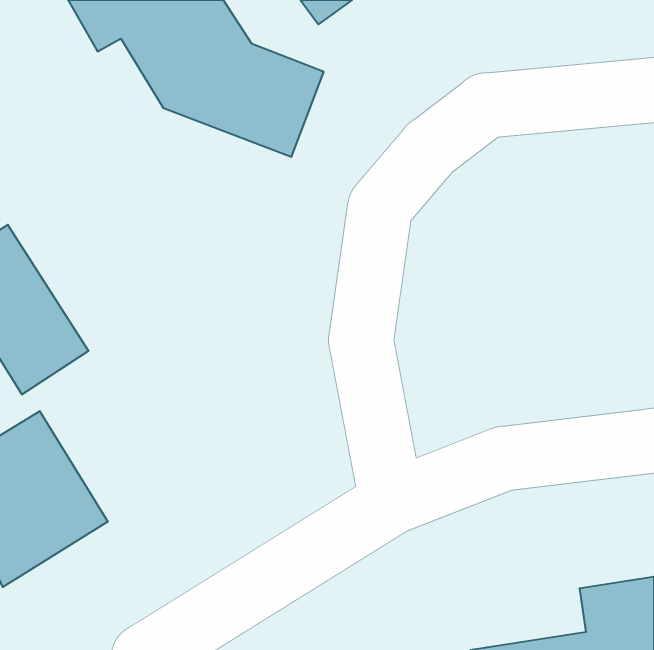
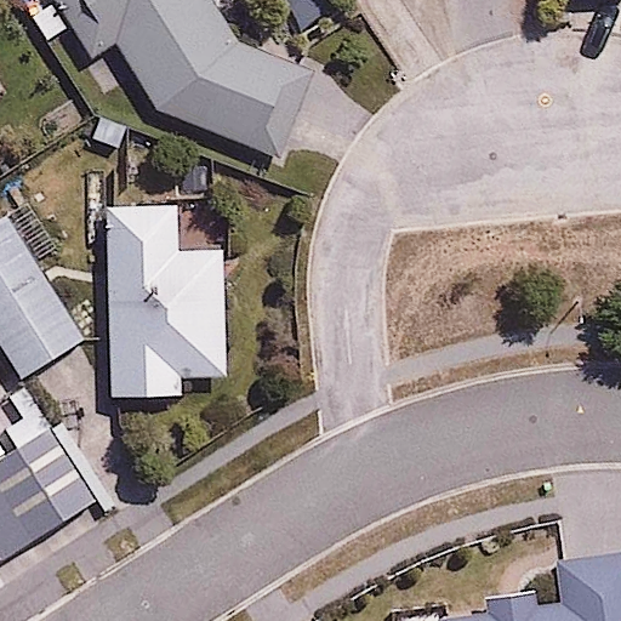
building: none -> [106,205,230,395]

